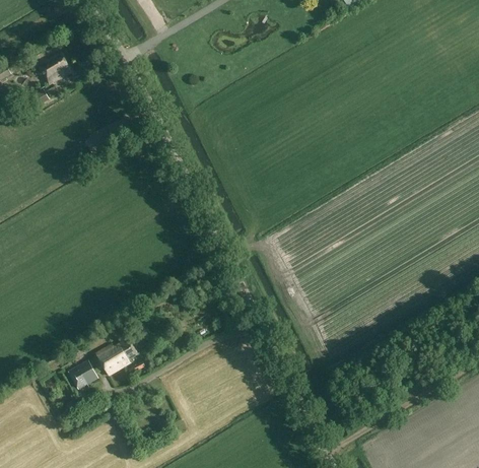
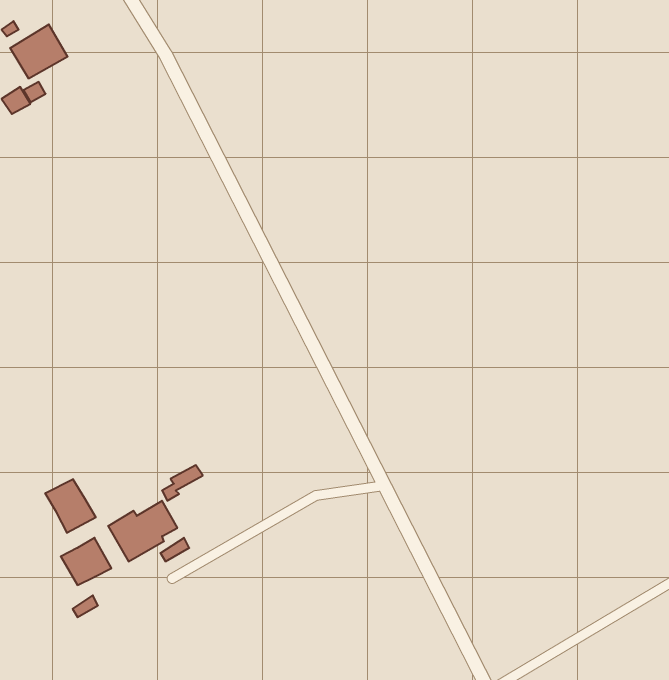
building: none -> [45,479,96,533]

